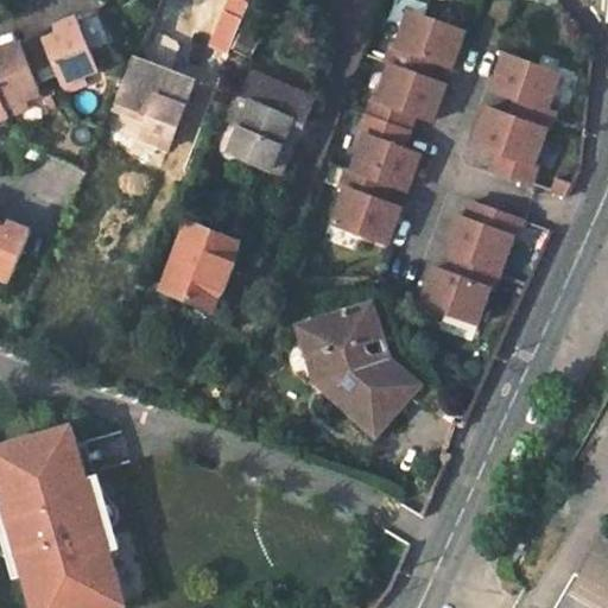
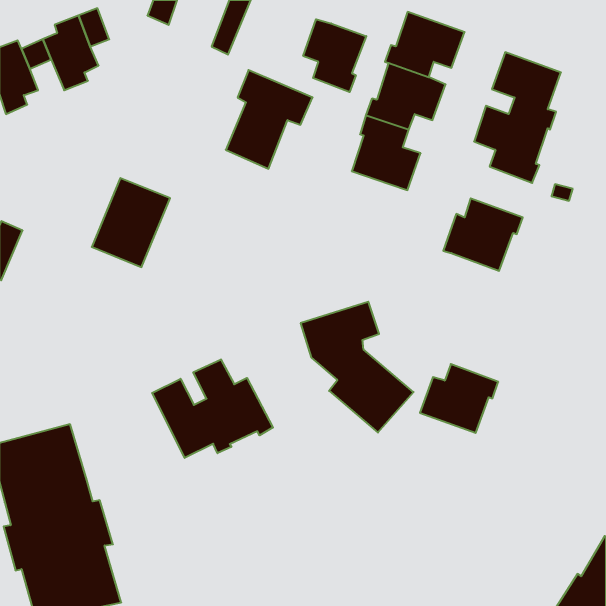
building: none -> [303,19,366,92]
building: [112,26,203,147] -> none
building: [332,171,401,245] -> none
building: [154,221,233,310] -> [92,178,170,267]
building: [420,254,499,323] -> [420,364,498,433]
building: none -> [152,359,273,458]

